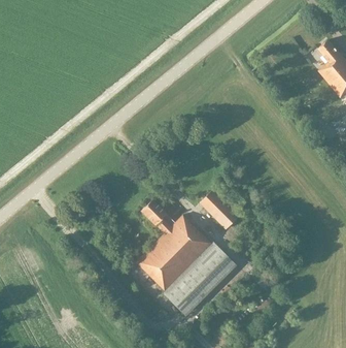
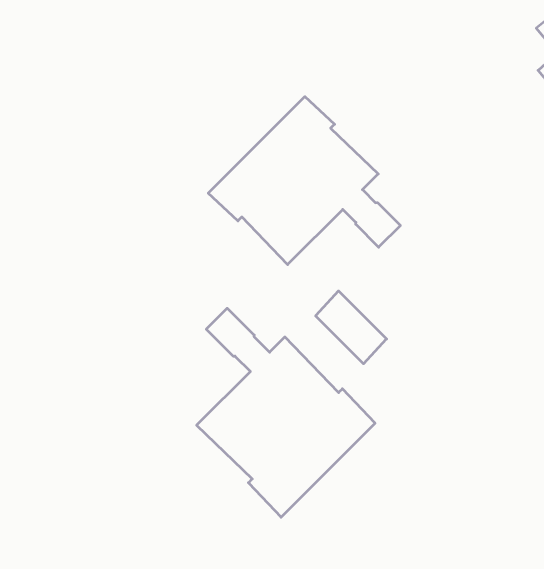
building: none -> [208,97,400,265]

